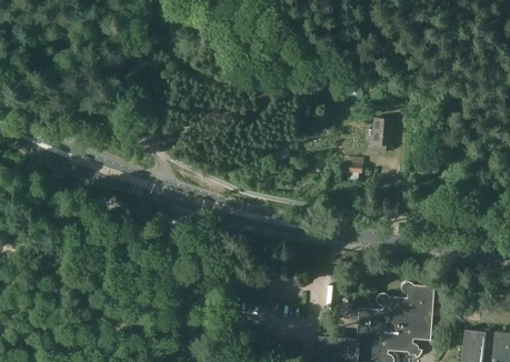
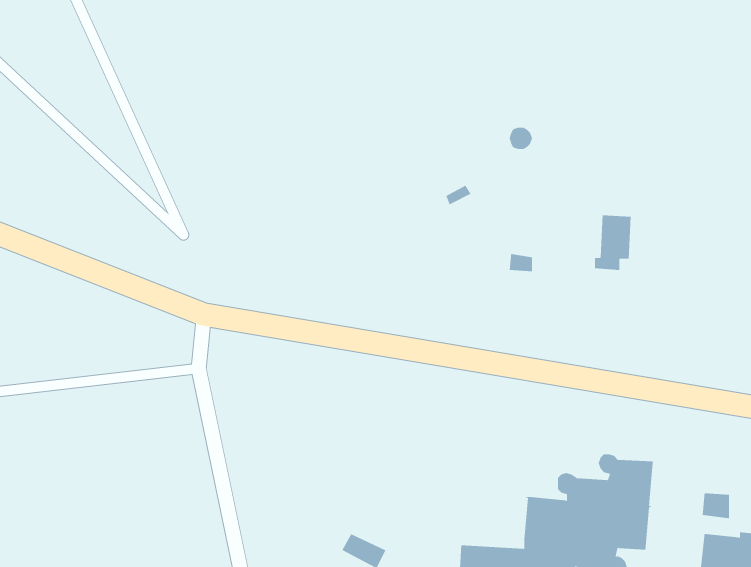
building: [371,119,393,152] -> [594,215,631,270]

